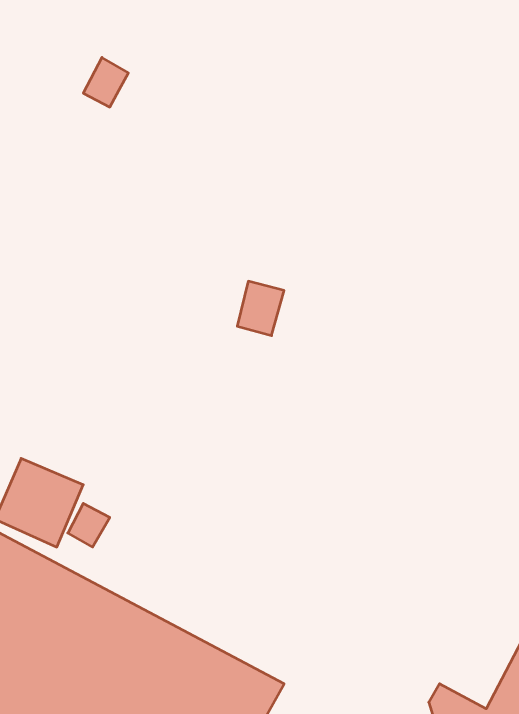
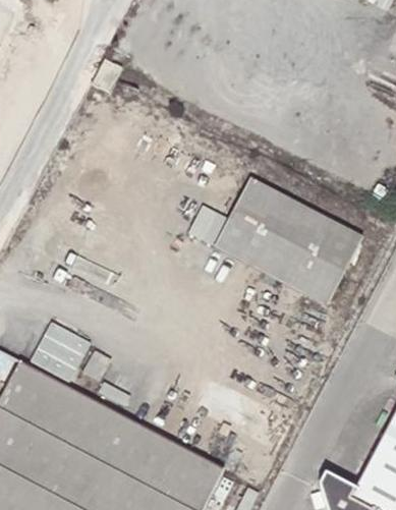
building: none -> [217,180,364,307]

